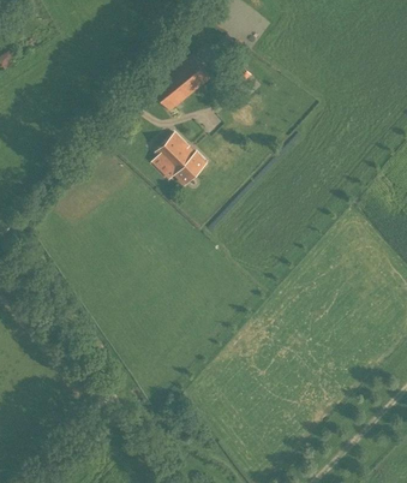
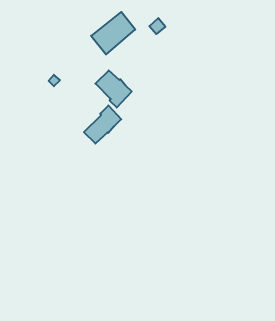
building: none -> [84,105,121,144]

